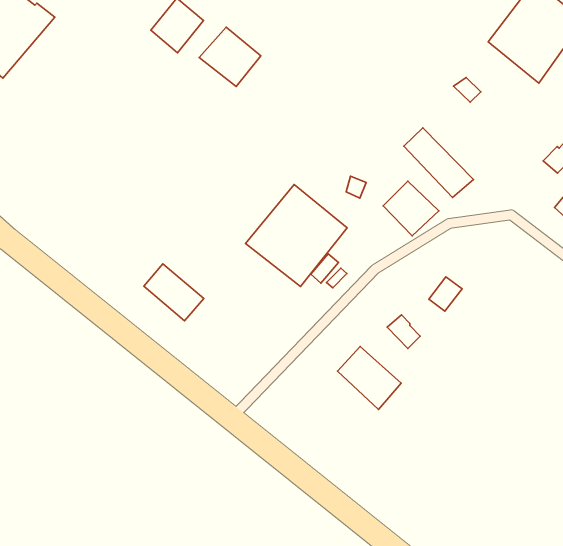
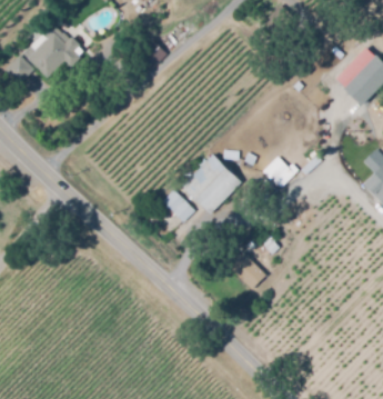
building: [199,27,261,87] -> none
building: [404,128,473,197] -> none
building: [144,264,204,321] -> [162,189,196,223]

